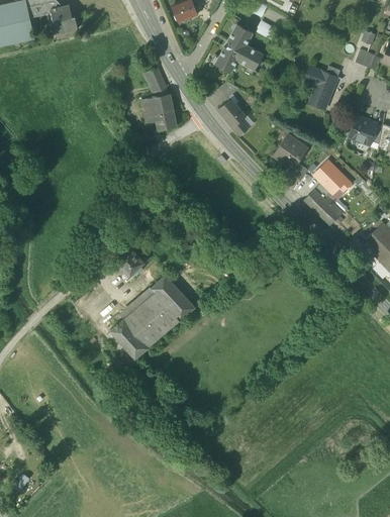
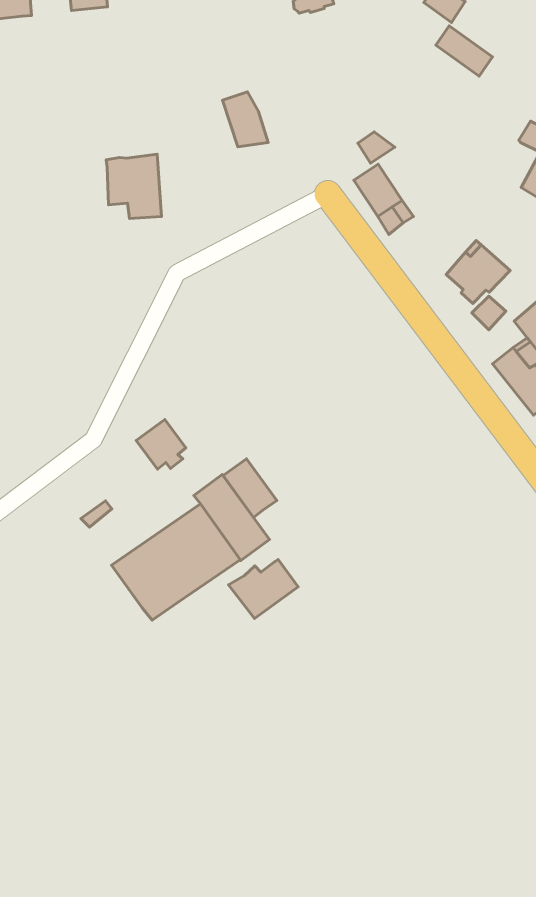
building: [214,23,264,72] -> none
building: [142,93,176,129] -> [106,154,161,218]
building: none -> [223,459,277,517]
building: none -> [229,559,298,619]

